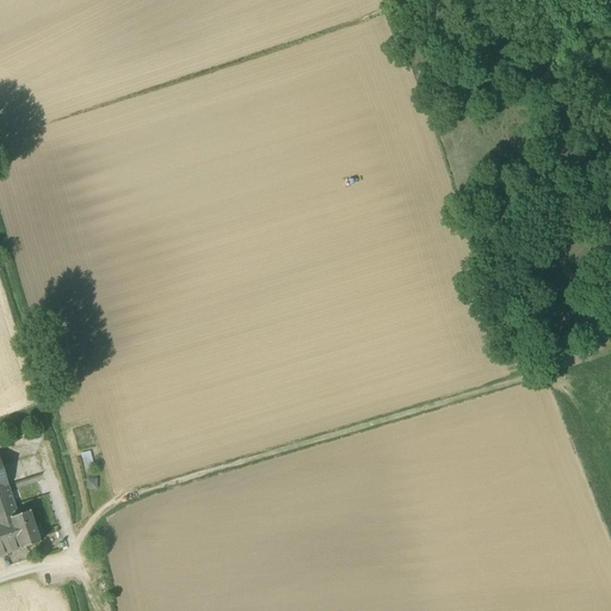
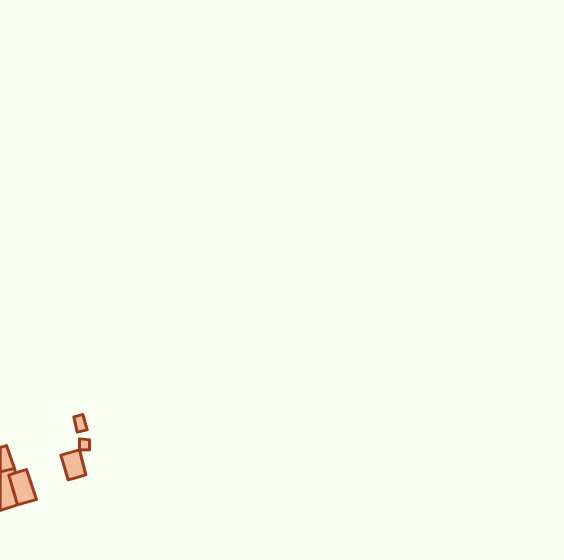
building: none -> [61,450,86,480]

